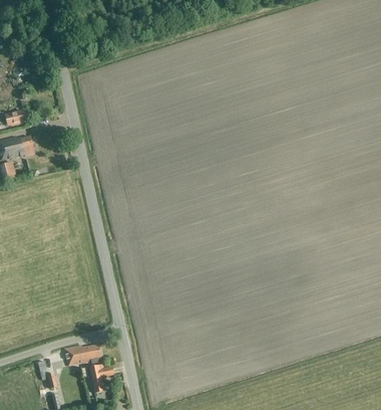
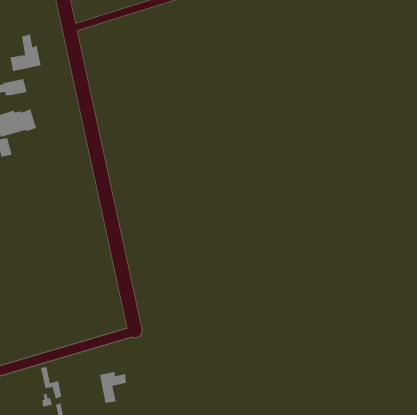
building: none -> [10,33,41,72]
building: [65,345,101,367] -> none

